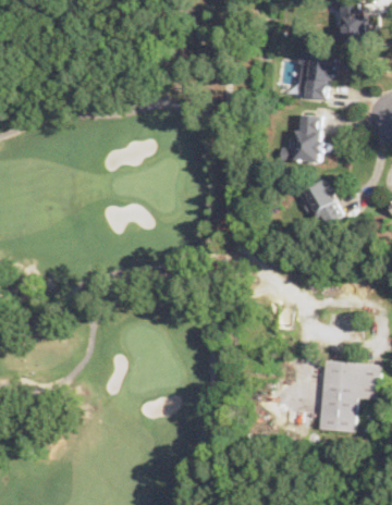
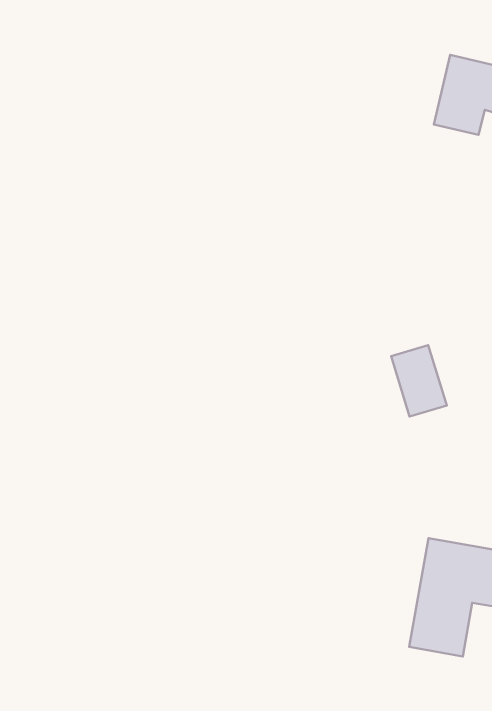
building: [295,113,320,162] -> none
building: [303,180,342,226] -> [391,345,447,416]

